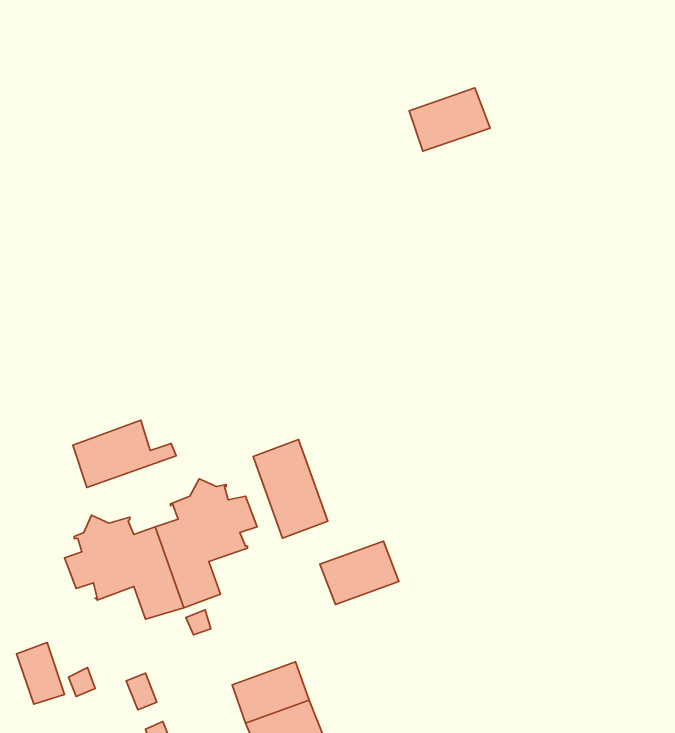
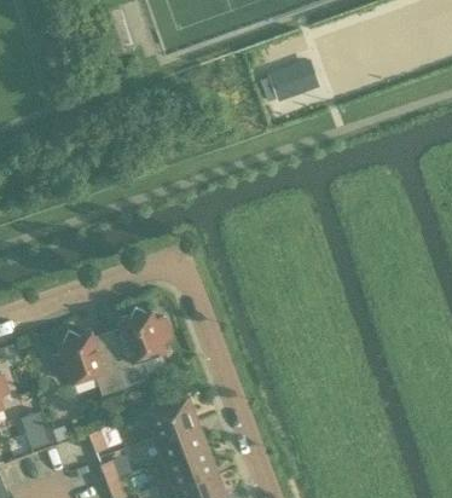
building: [73,420,176,488] -> none
building: [253,440,328,538] -> none
building: [320,541,399,605] -> [147,396,197,436]

